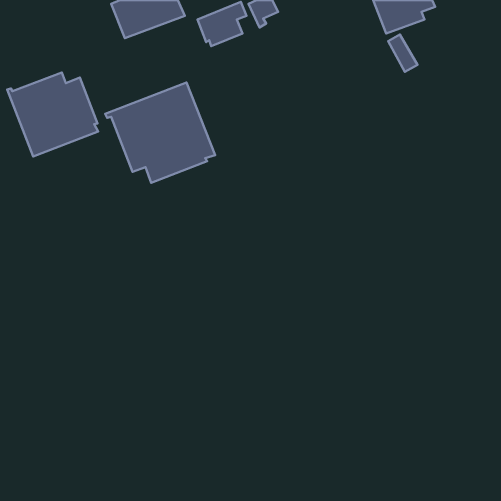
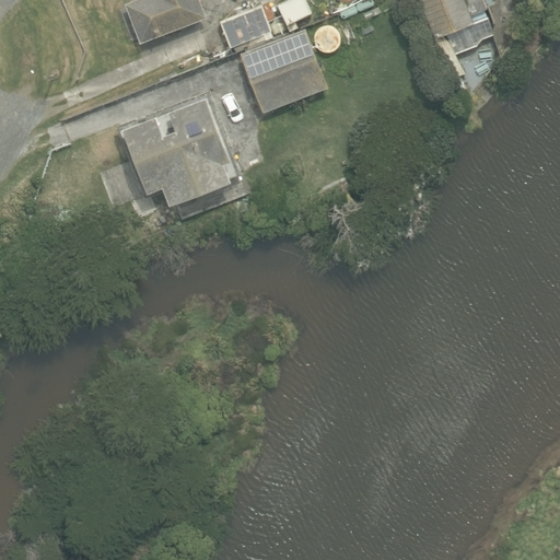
building: none -> [240,31,327,113]
building: [7,73,98,156] -> none

